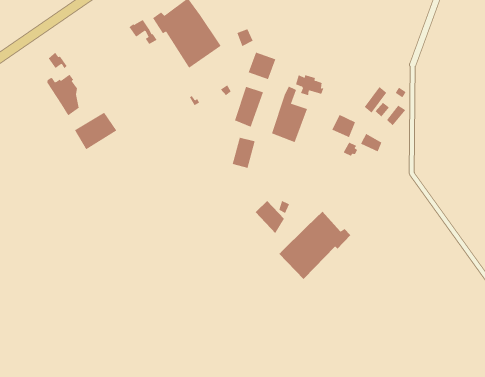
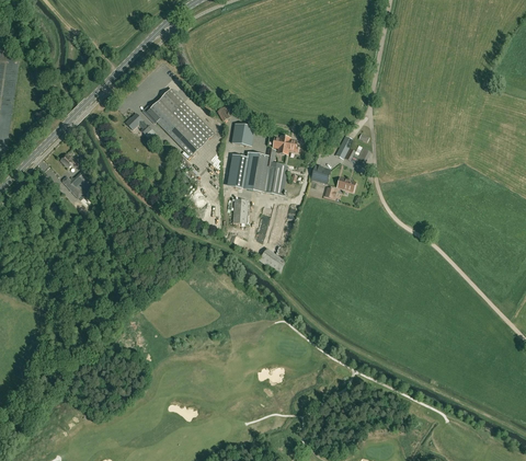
building: none -> [242,152,265,191]
building: [74,112,117,150] -> none
building: [279,211,351,280] -> none

